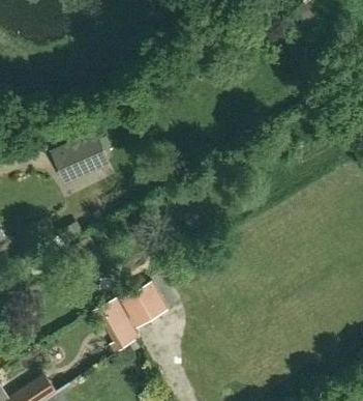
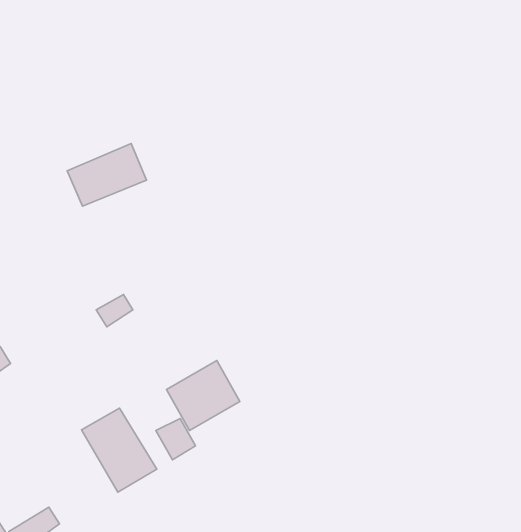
building: none -> [82,408,157,492]

